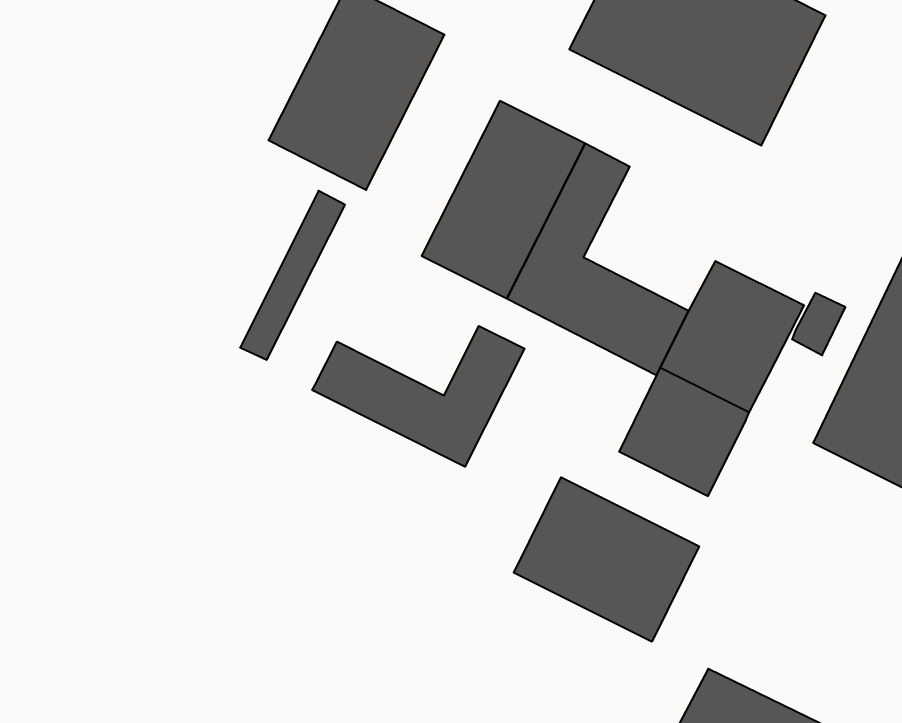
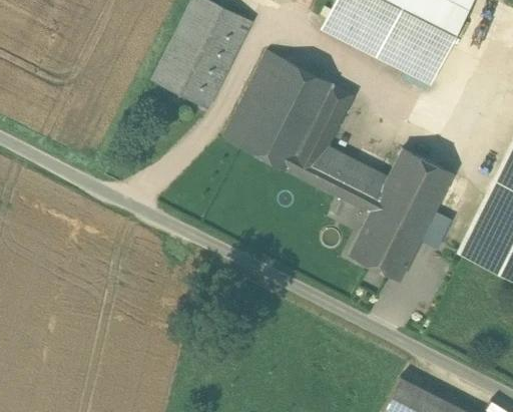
building: [240,191,345,360] -> [224,51,284,146]
building: [792,293,845,355] -> [422,214,452,249]
building: [312,326,525,467] -> none
building: [514,477,699,642] -> none

